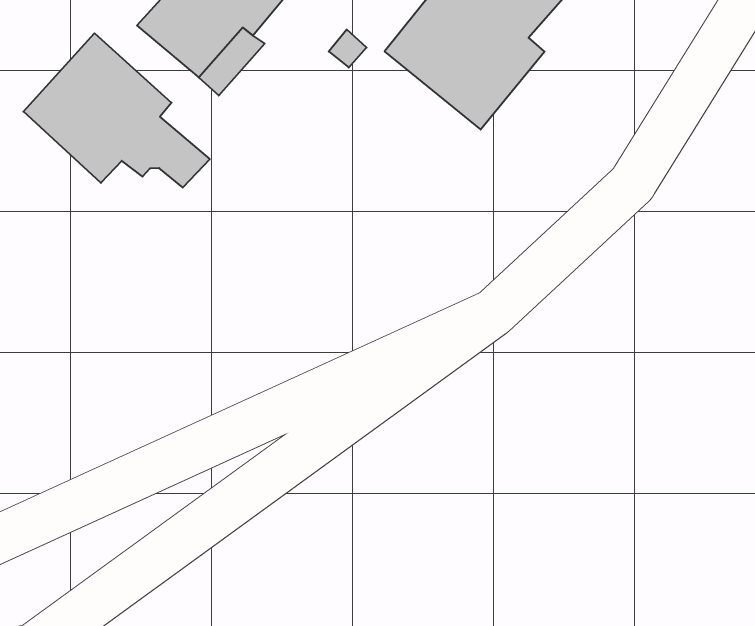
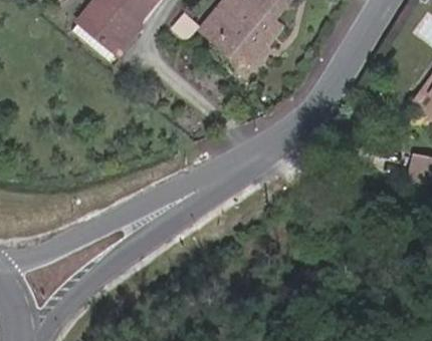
building: [23,33,210,188] -> none

